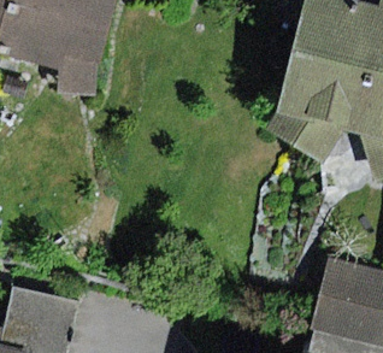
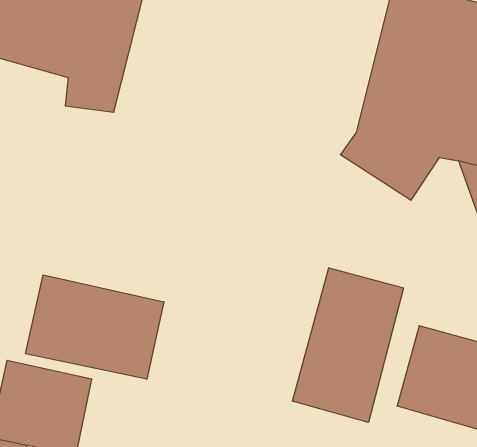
building: none -> [292,268,404,422]
building: none -> [25,275,164,379]

